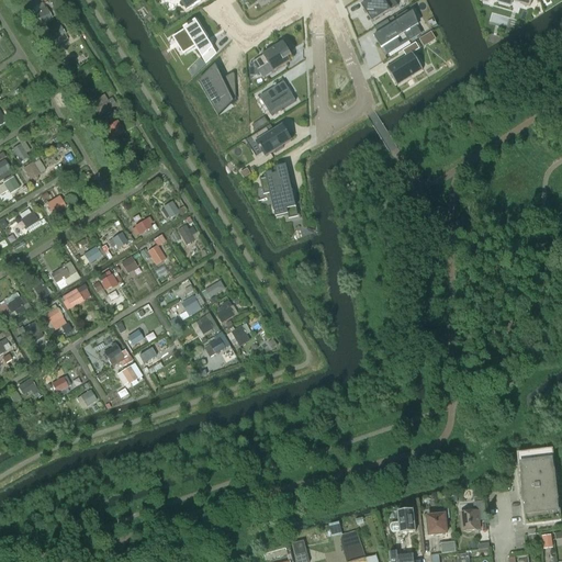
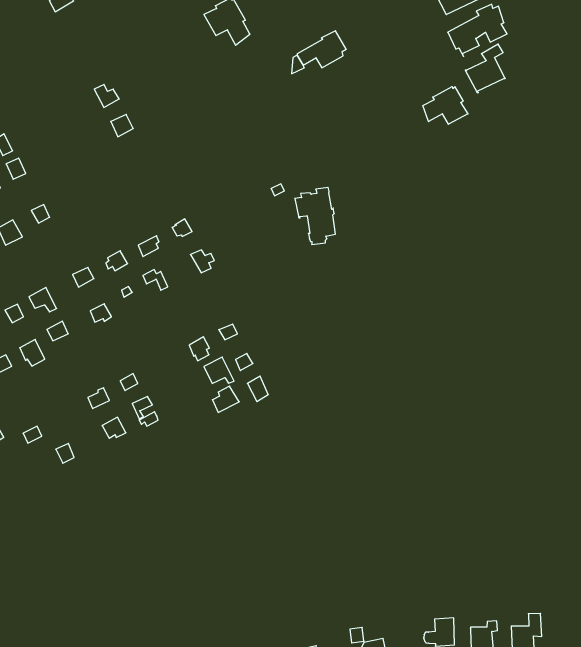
building: [199,63,236,113] -> none
building: none -> [423,87,468,124]
building: [260,79,295,113] -> none
building: [250,124,291,155] -> none

